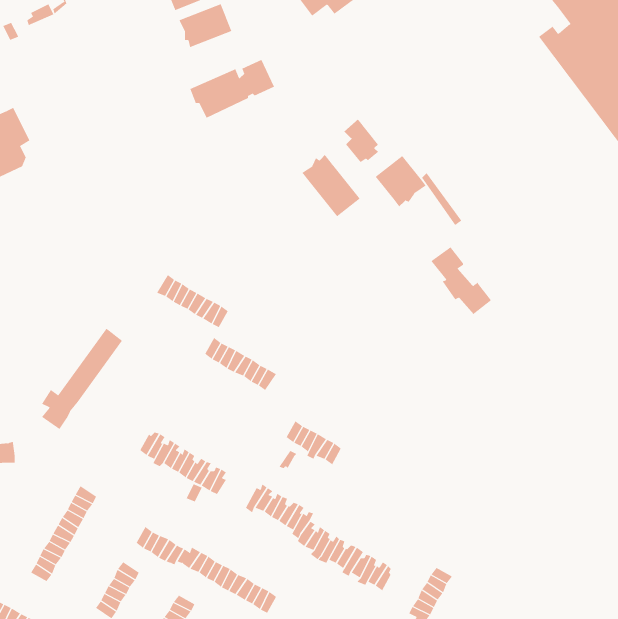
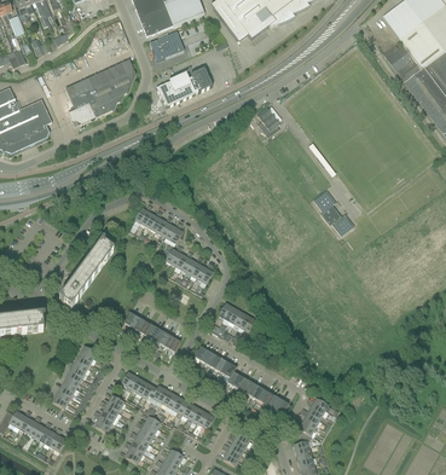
building: none -> [65,58,135,123]
building: [301,154,360,217] -> none
building: [375,155,427,207] -> none

